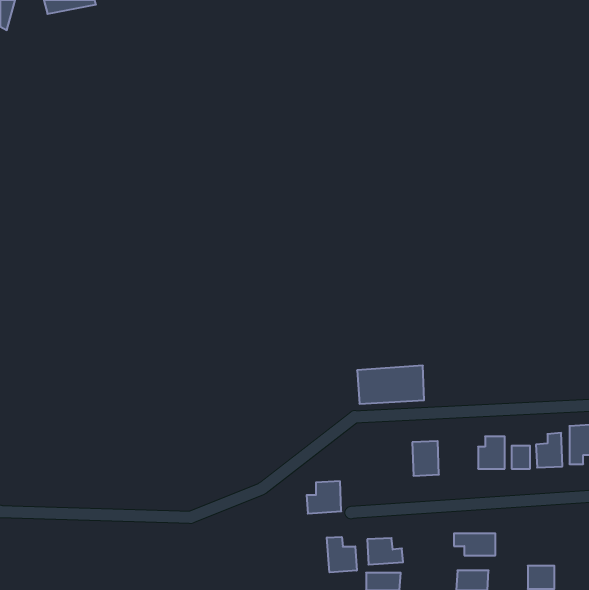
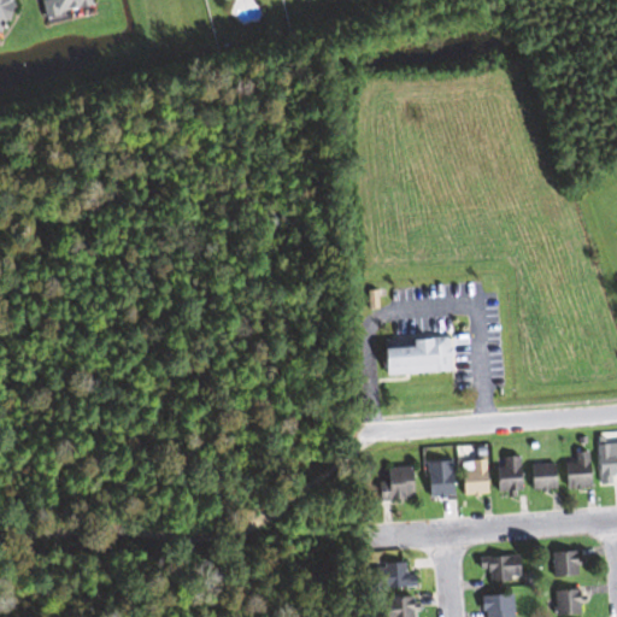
building: [357,366,424,404] -> [387,335,457,375]
building: none -> [466,459,493,494]
building: [307,481,341,514] -> [383,466,419,500]
building: none -> [550,552,578,576]
building: [327,537,357,572] -> none

